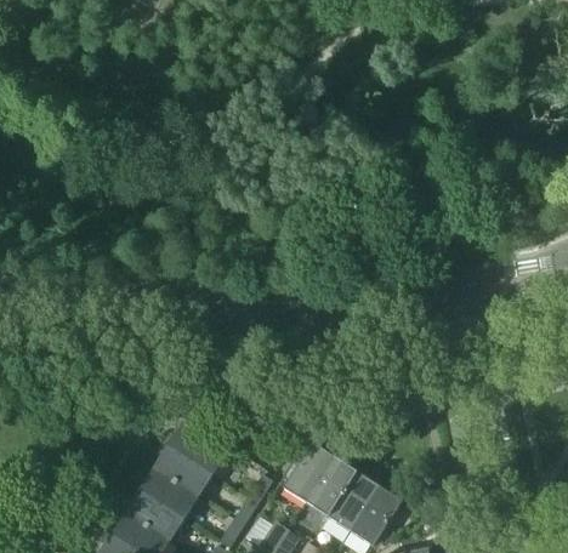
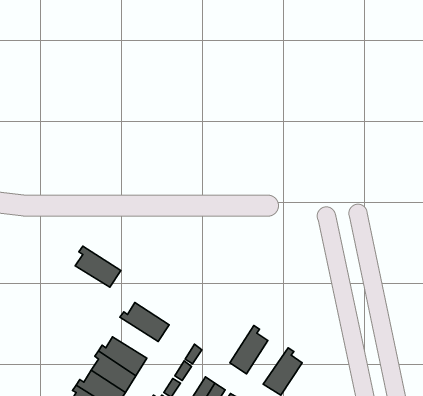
building: [152,443,211,496] -> [75,246,121,287]
building: [283,444,336,502] -> none
building: [326,473,381,530] -> none

